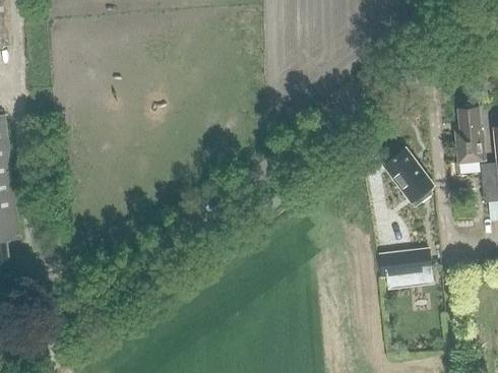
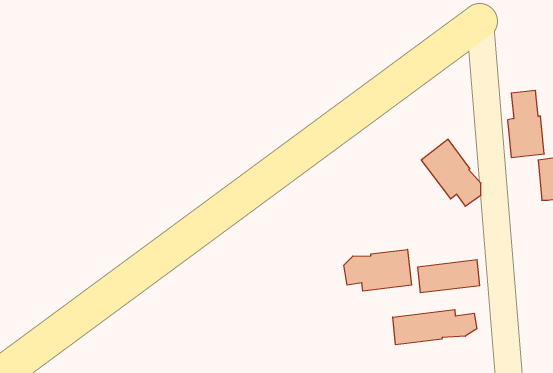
building: none -> [344,249,411,291]
building: none -> [393,310,477,345]

